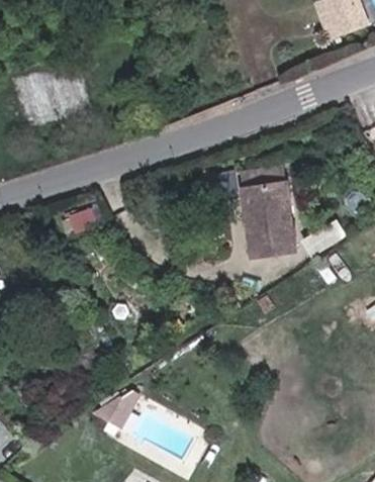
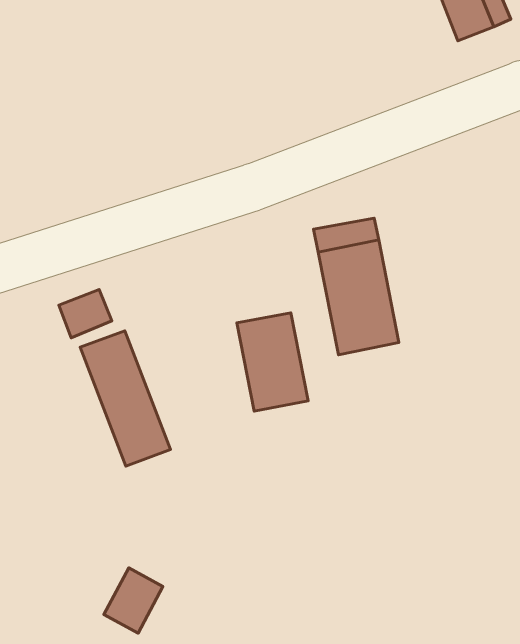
building: none -> [237,313,308,411]
building: none -> [80,331,170,466]

